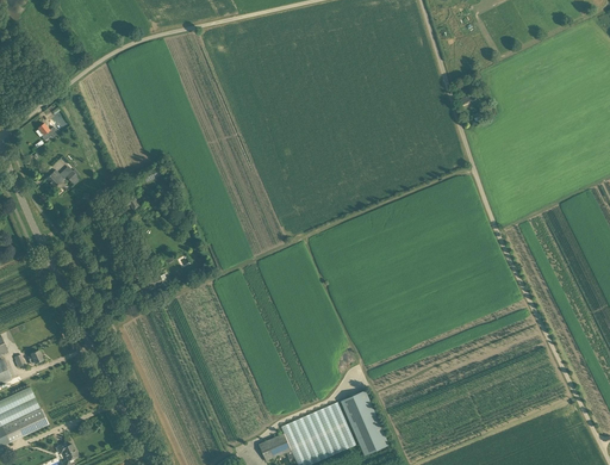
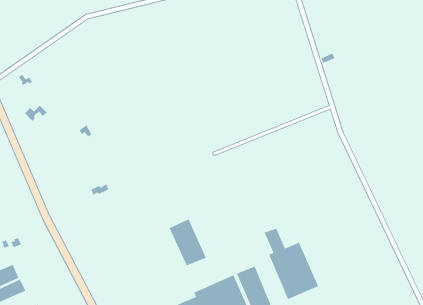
building: none -> [169,219,206,266]
building: none -> [264,228,319,300]

